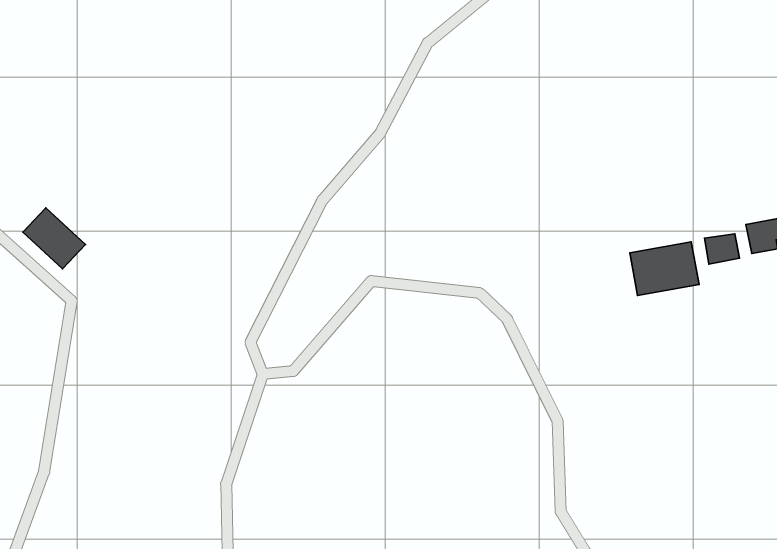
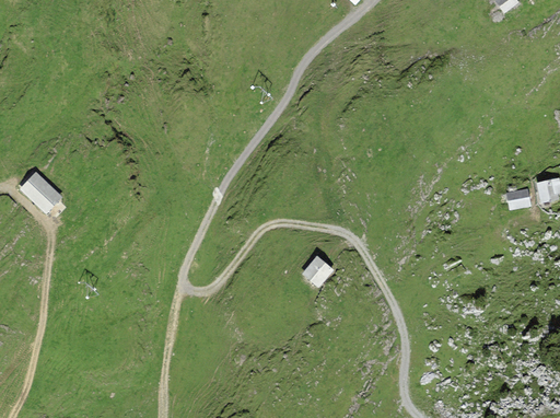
building: [630,242,699,295] -> none
building: none -> [301,257,332,290]

